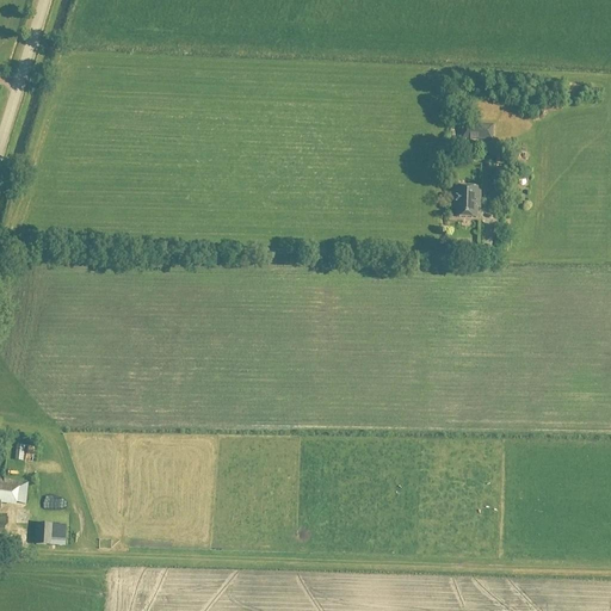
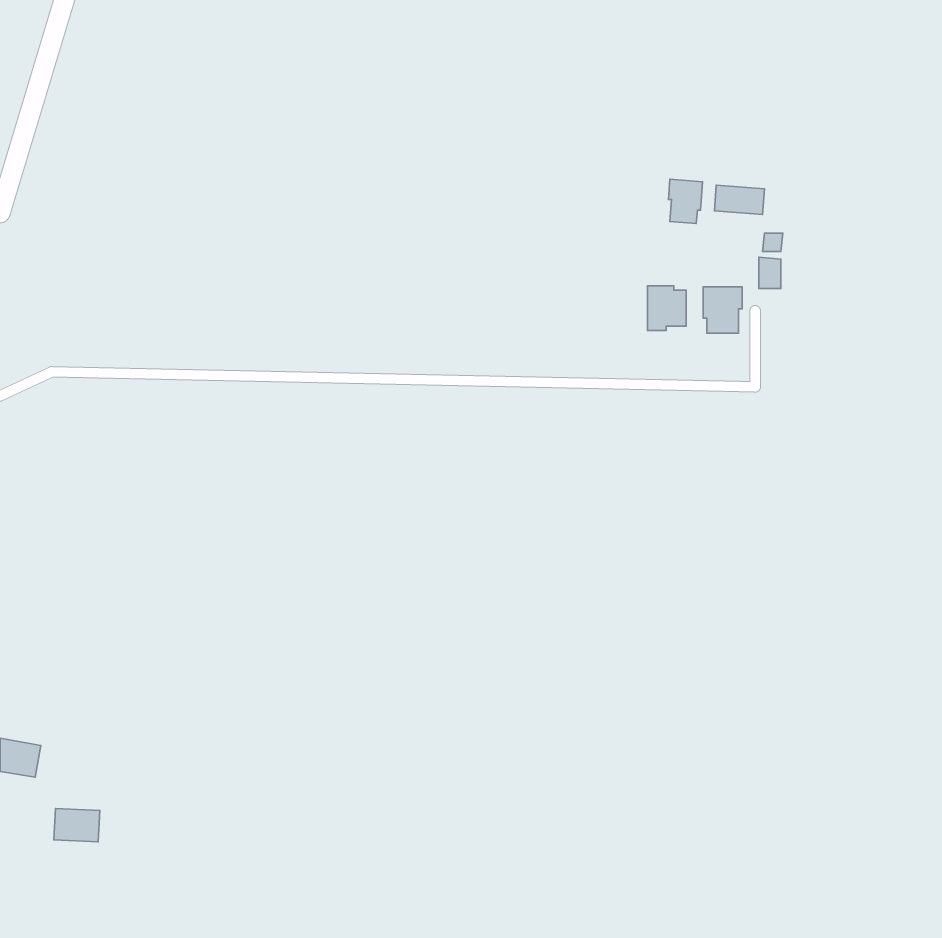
building: none -> [668,179,703,223]
building: none -> [648,286,686,331]

